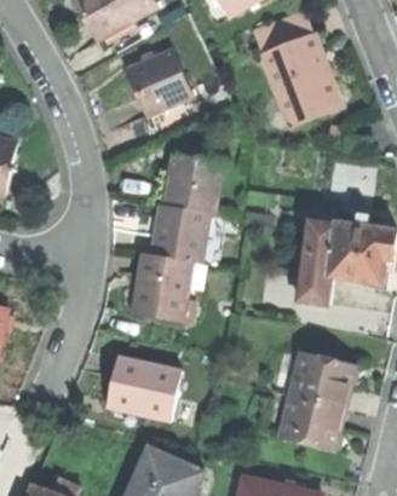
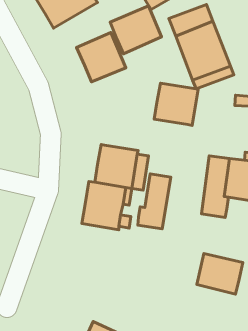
building: none -> [110,6,161,54]
building: [162,155,223,213] -> [154,83,198,125]
building: none -> [138,174,171,229]
building: [104,357,180,421] -> none
building: [280,396,343,451] -> none

